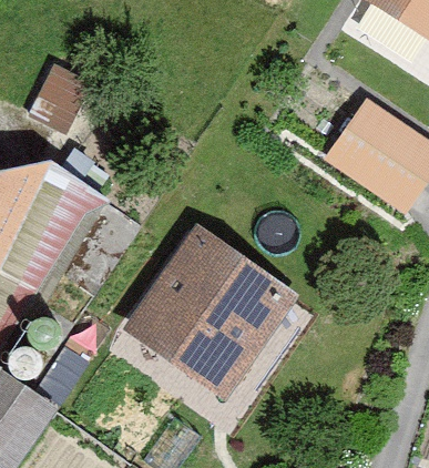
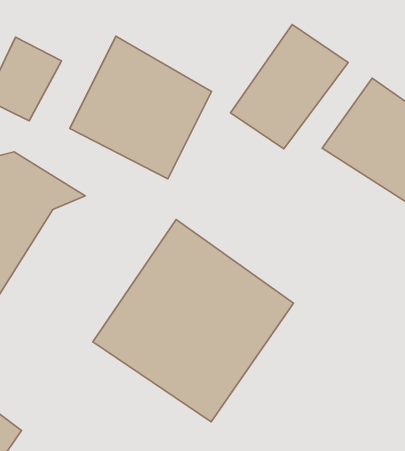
building: none -> [230,24,348,149]
building: none -> [70,36,212,179]

